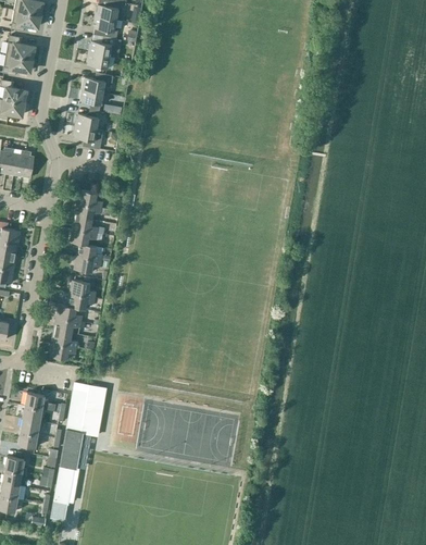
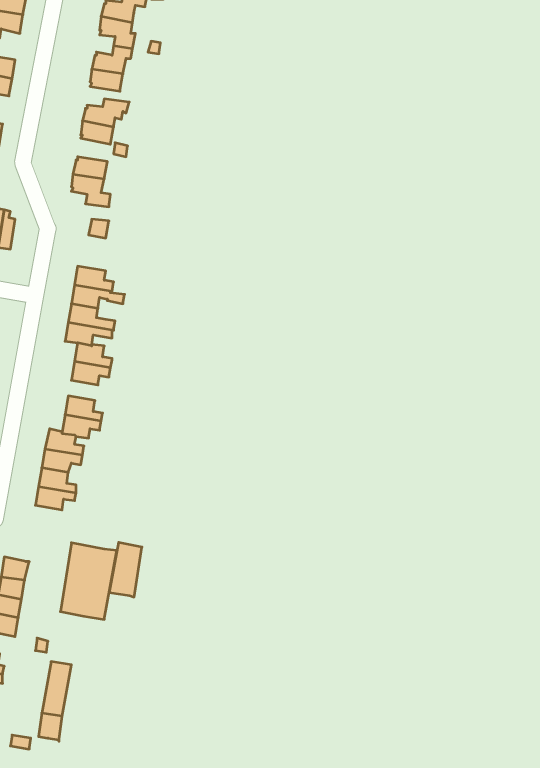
building: [60,431,83,469] -> [109,542,142,597]

